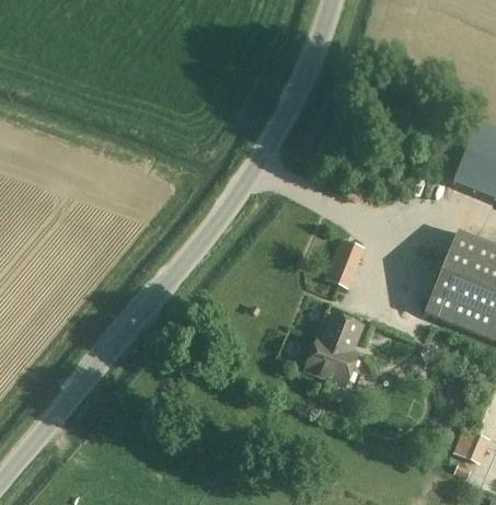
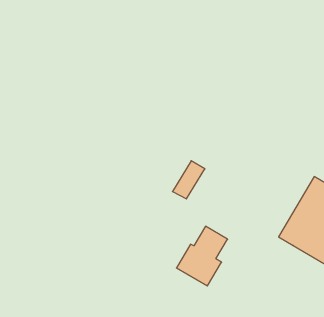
building: [323,238,359,286] -> [172,161,205,199]

